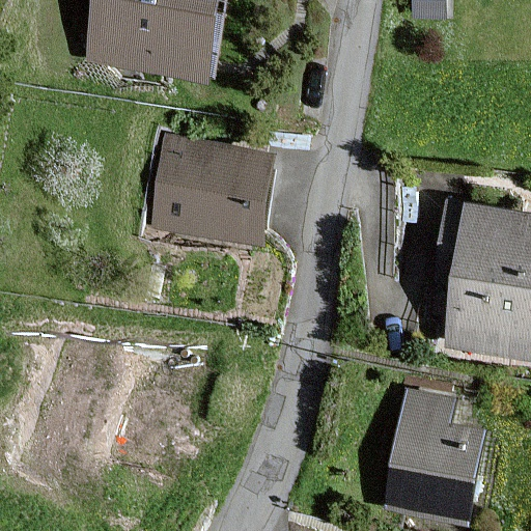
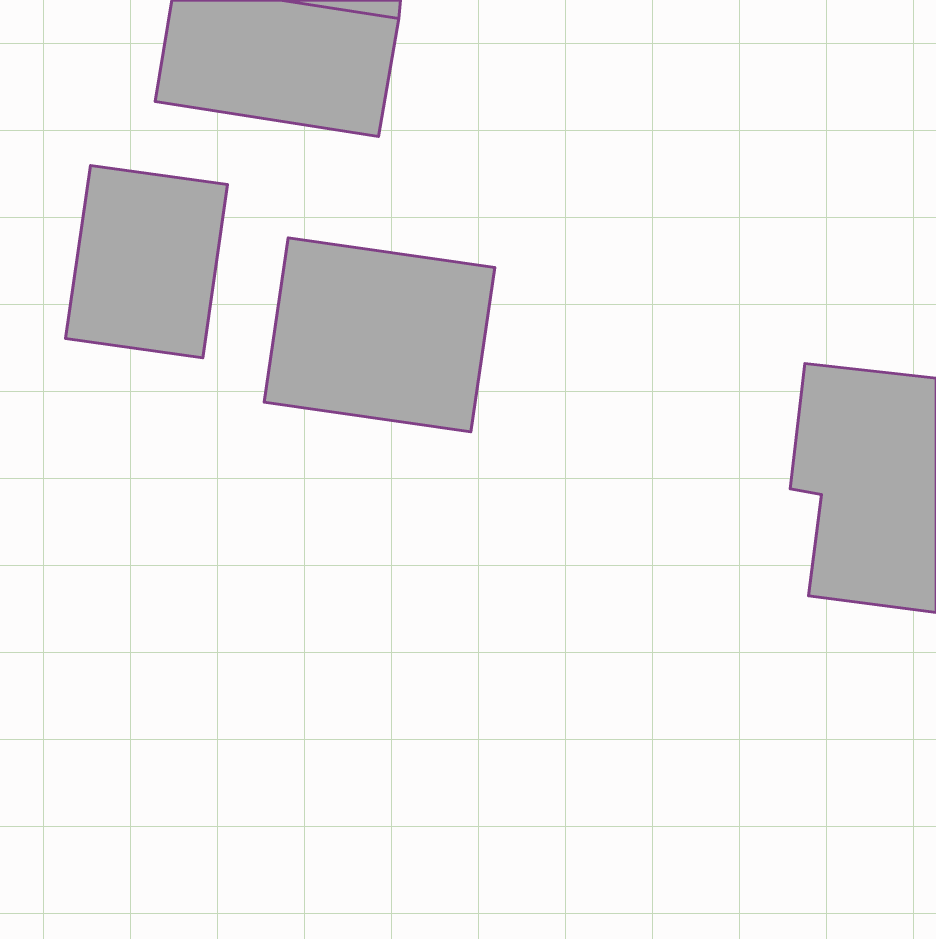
building: none -> [66,165,227,358]
building: [390,392,481,513] -> none

